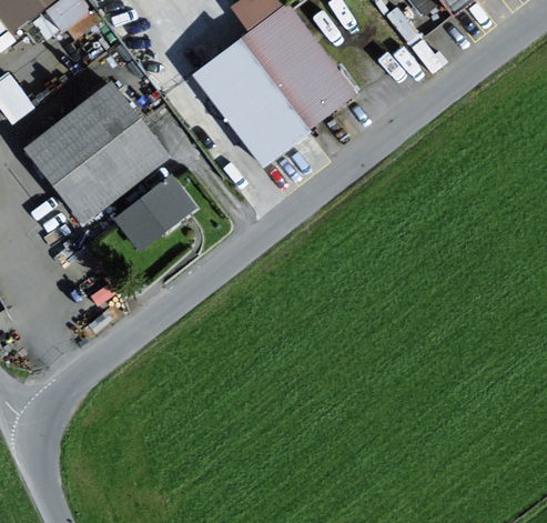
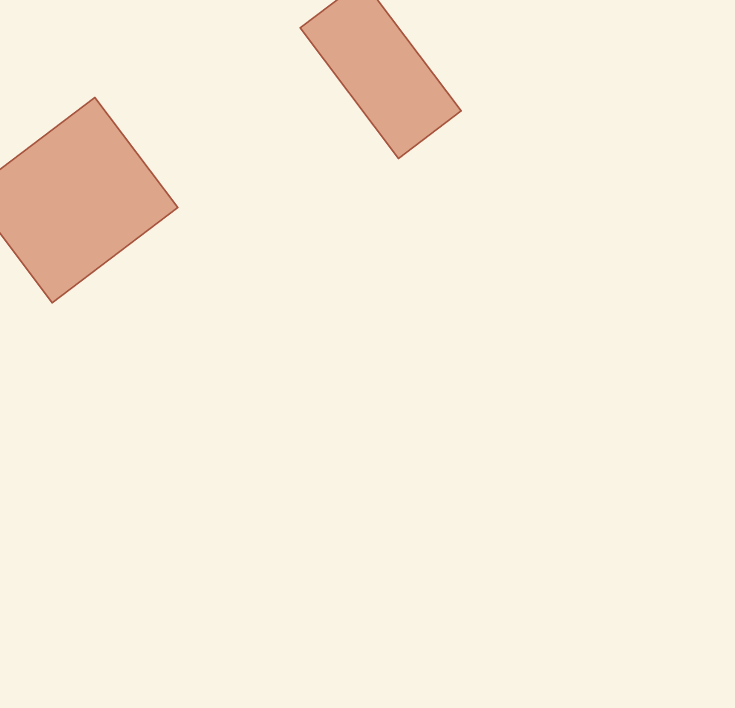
building: [199,39,310,159] -> none
building: [118,178,191,245] -> none

